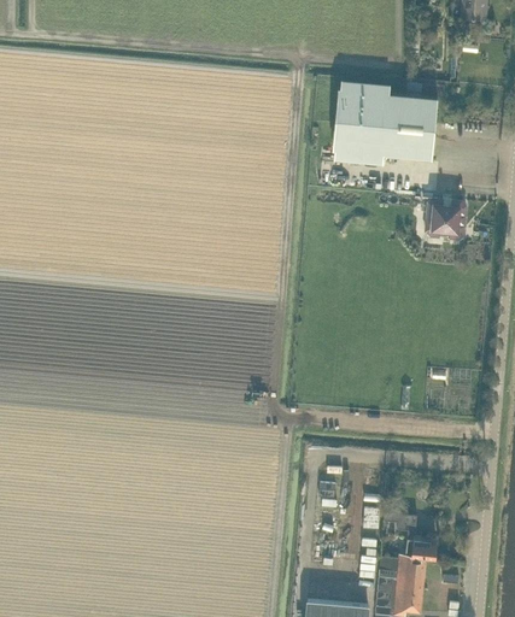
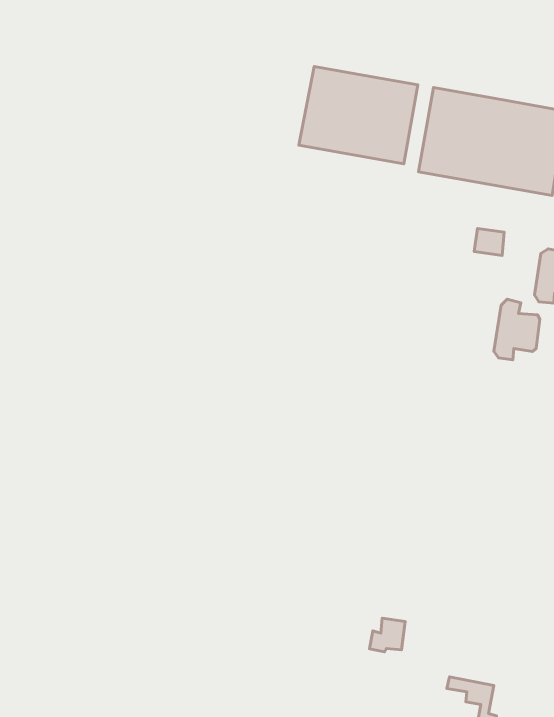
building: none -> [299,67,418,164]
building: none -> [494,299,540,360]

